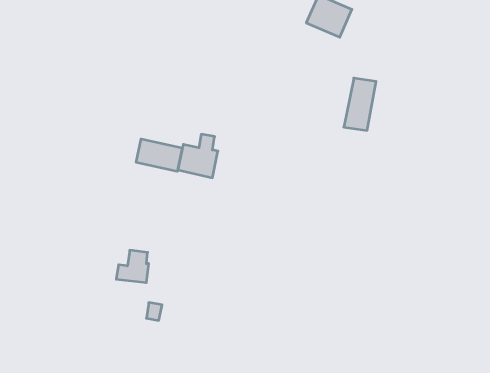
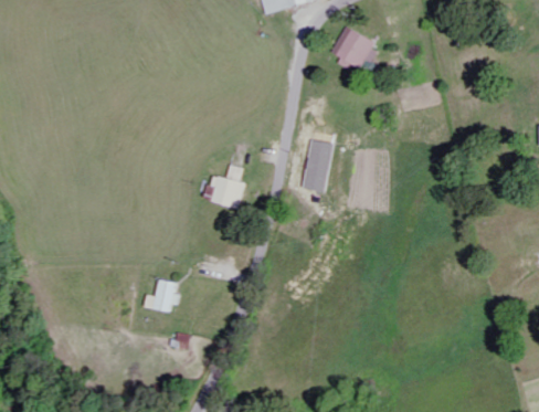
building: [344,78,376,130] -> [303,140,335,192]
building: [136,139,182,171] -> none

